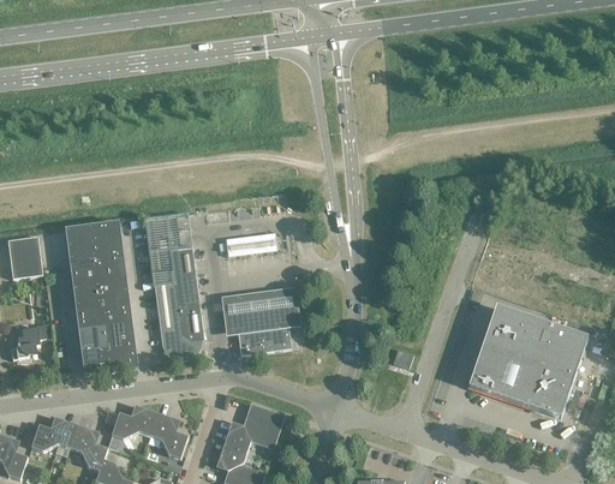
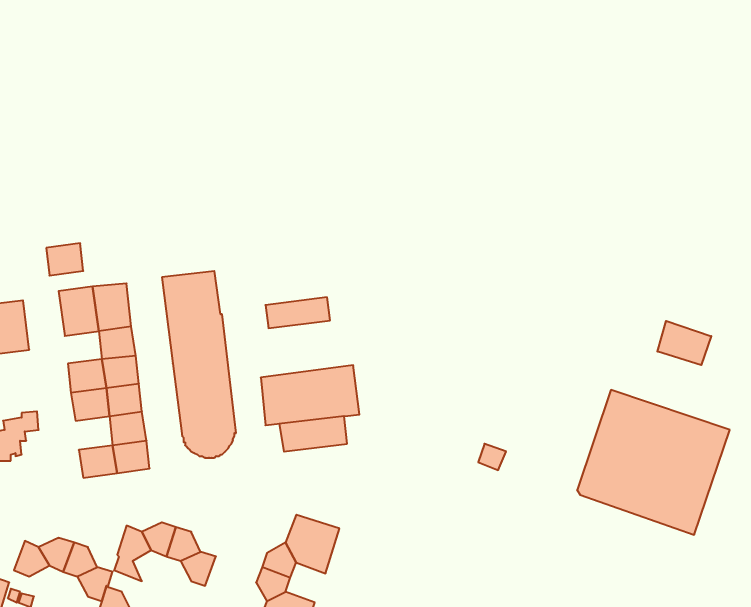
building: none -> [657,321,711,365]
building: [70,259,98,285] -> [46,243,83,276]
building: [78,325,107,352] -> none

